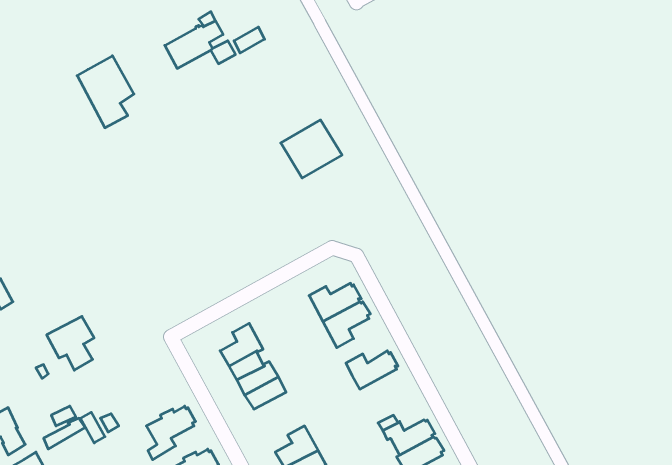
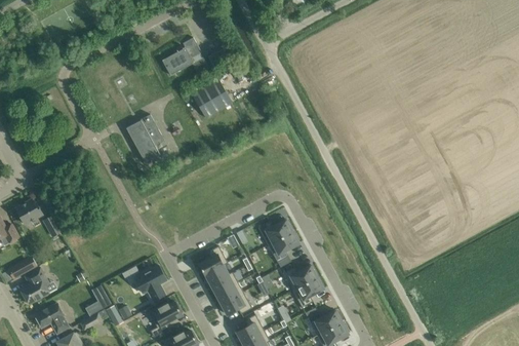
building: [77,56,134,128] -> [126,114,164,162]
building: [281,120,342,178] -> [192,79,233,118]
building: [47,316,94,370] -> [134,265,166,301]
building: none -> [292,276,324,307]
building: none -> [222,292,252,314]

